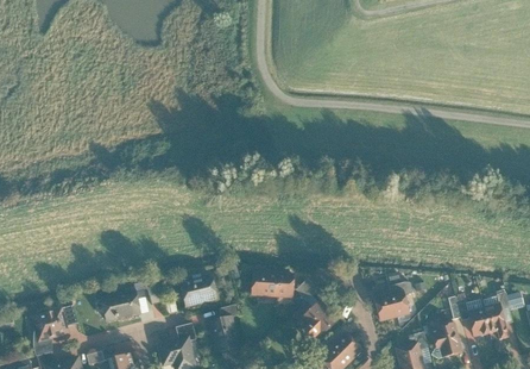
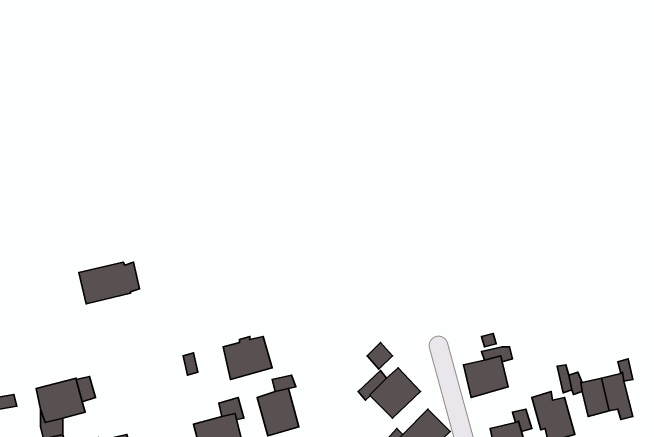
building: [250,271,295,298] -> none
building: [102,289,151,323] -> [79,262,140,304]

